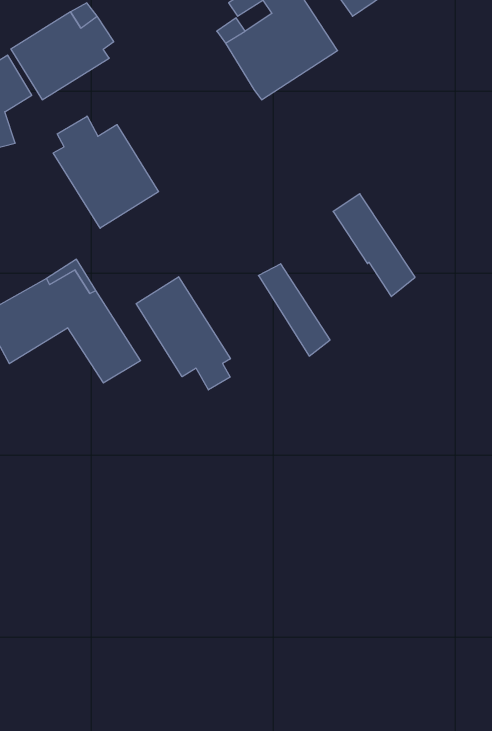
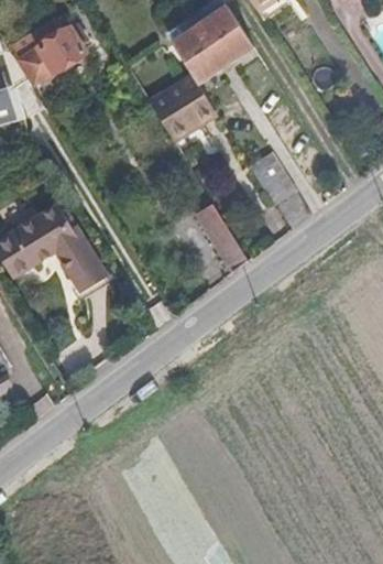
building: none -> [151,77,219,142]
building: [53,116,159,228] -> none
building: [136,277,230,390] -> none

